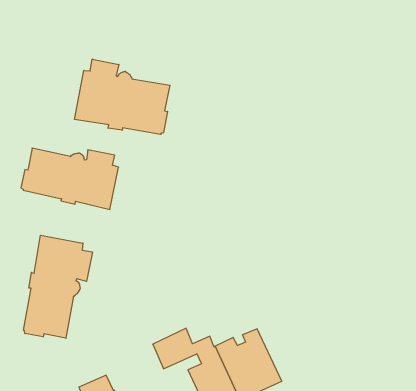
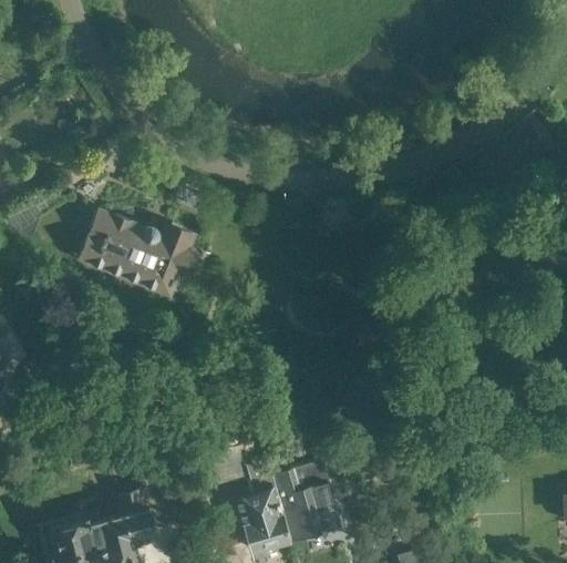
building: [75,59,170,134] -> none
building: [24,235,92,338] -> none

